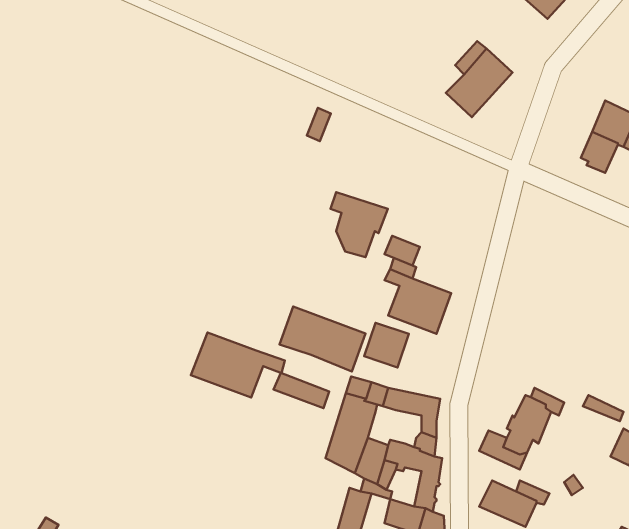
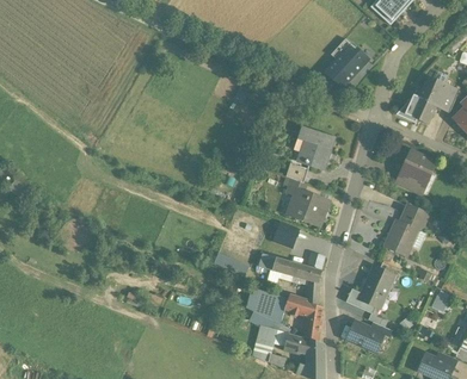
building: [330,192,388,257] -> [297,128,334,169]
building: none -> [397,151,436,192]
building: none -> [383,204,426,255]
building: [279,307,366,371] -> none
building: [191,332,285,398] -> none

